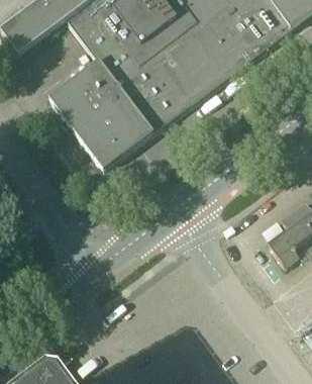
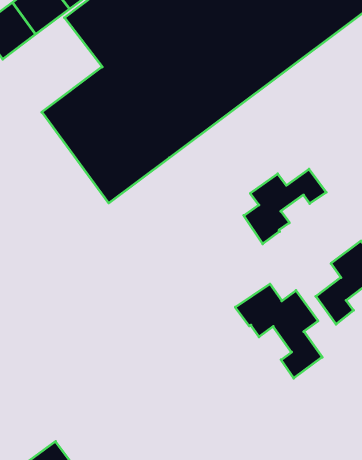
building: none -> [244,169,326,244]
building: none -> [235,284,322,378]

